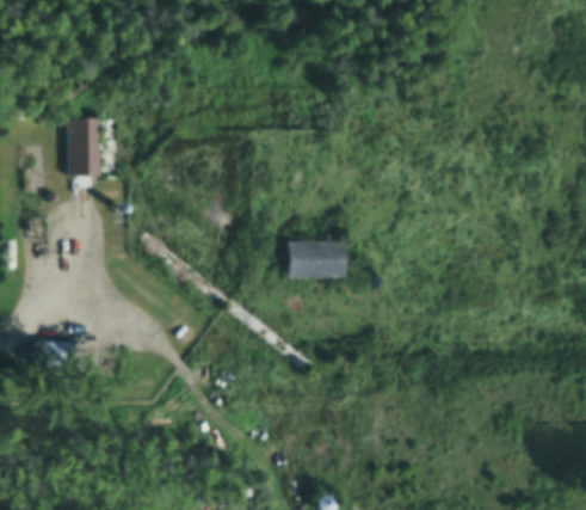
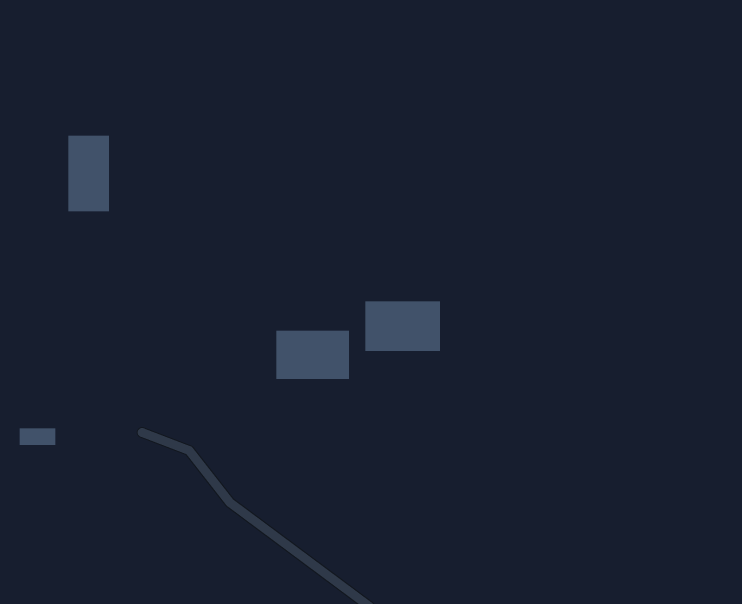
building: none -> [276,330,350,380]

